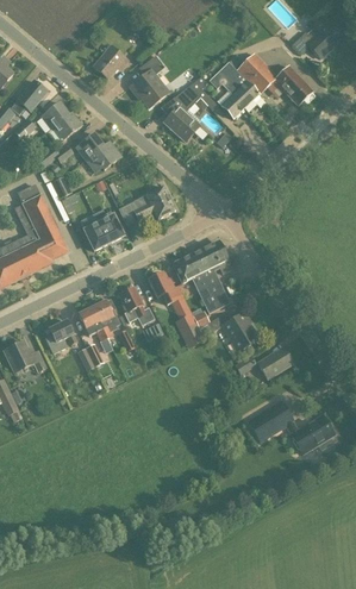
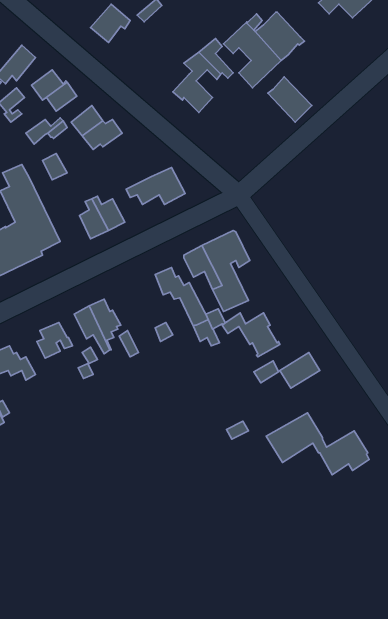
building: [130,55,168,107] -> none
building: [274,67,312,106] -> [268,77,312,122]
building: [119,287,155,325] -> none

